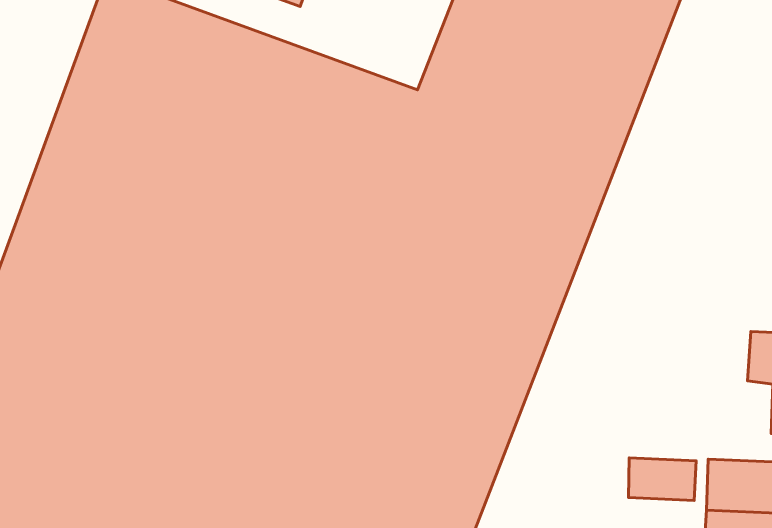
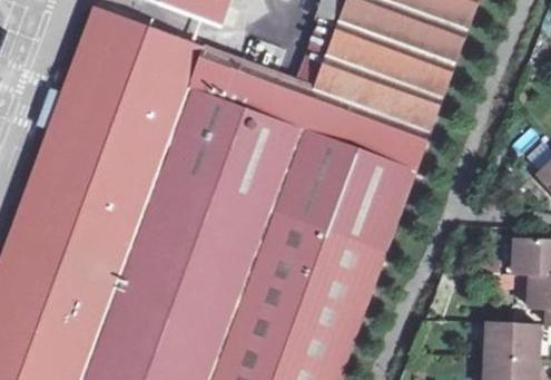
building: [628,458,696,500] -> none

